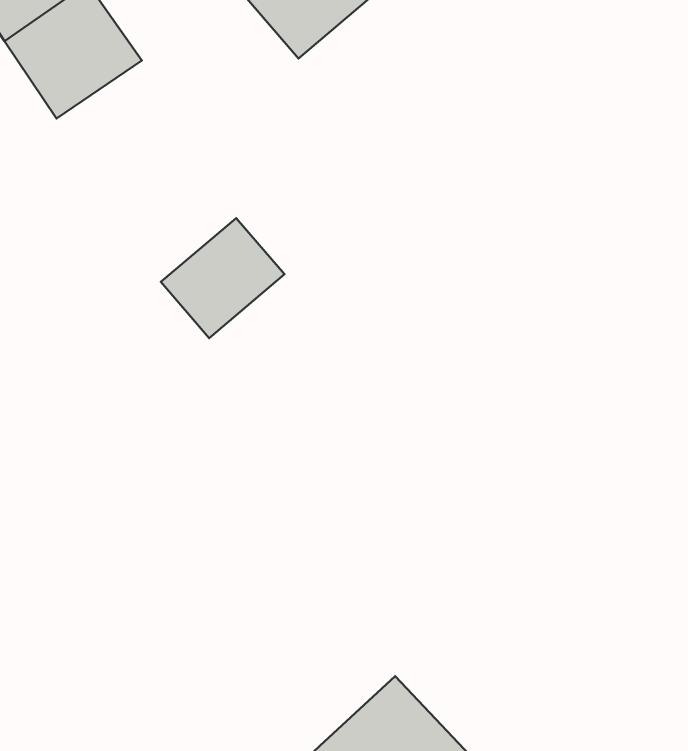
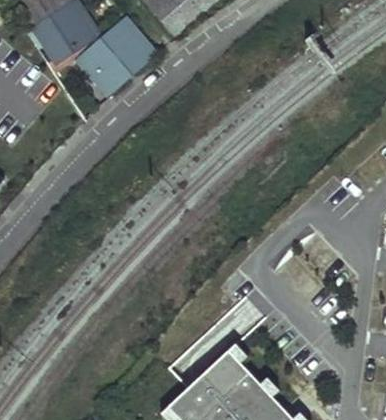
building: [161,218,285,338] -> [86,27,150,89]

